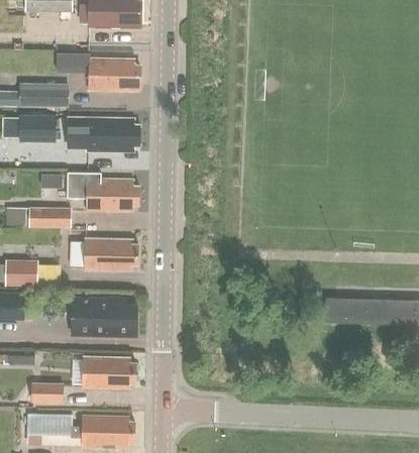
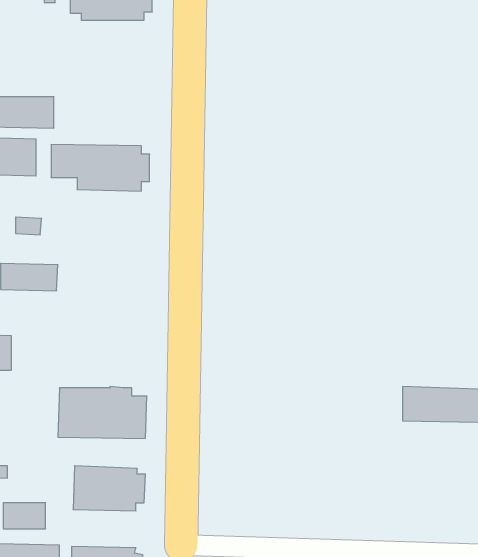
building: [57,49,139,90] -> none
building: [67,172,138,211] -> none
building: [85,238,136,269] -> none

